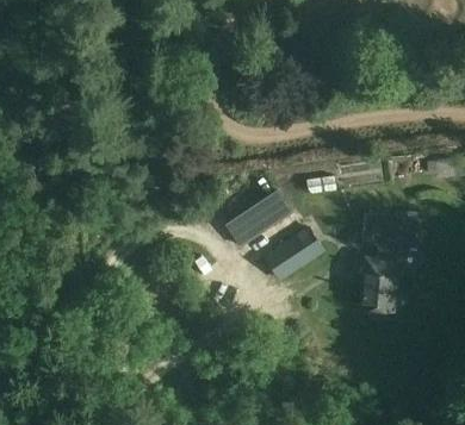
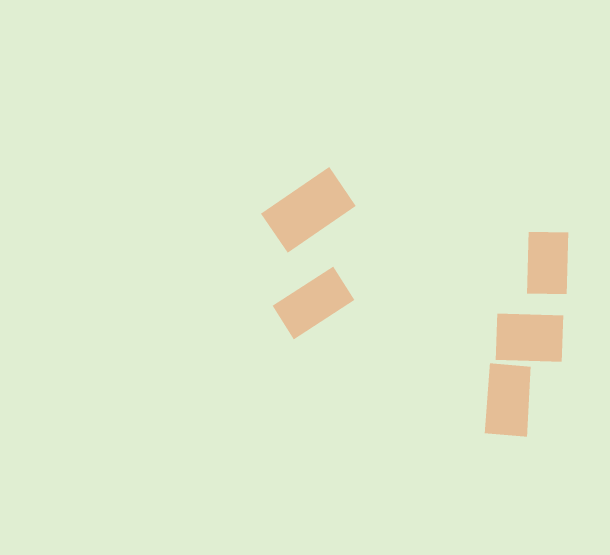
building: none -> [526,231,569,295]
building: [261,226,324,283] -> [260,166,357,254]

